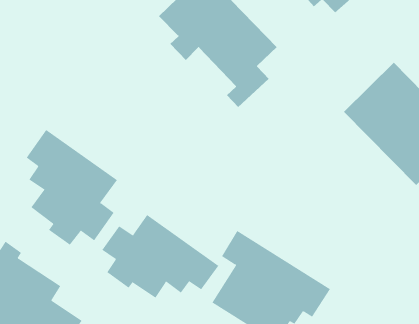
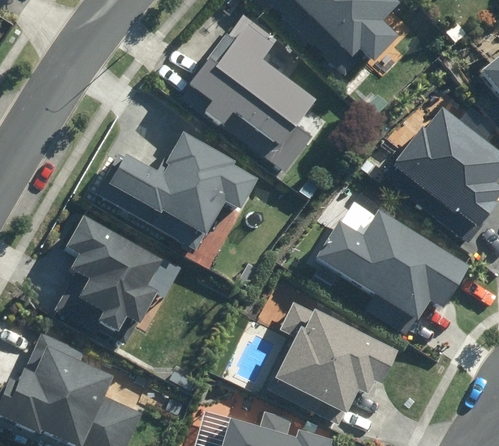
building: none -> [107,129,258,236]
building: none -> [316,210,471,321]
building: [101,214,219,299] -> none

